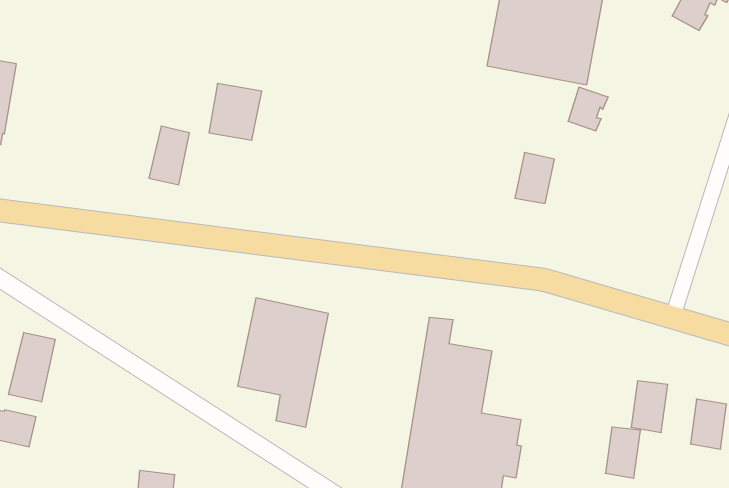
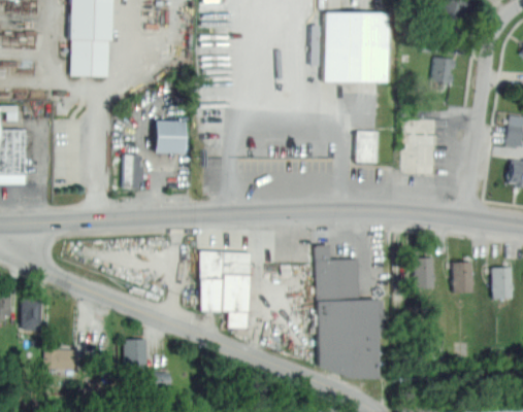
building: [568,87,608,131] -> [432,58,455,83]
building: [9,332,55,402] -> none
building: none -> [124,340,146,373]
building: [605,427,641,478] -> [414,259,433,289]

